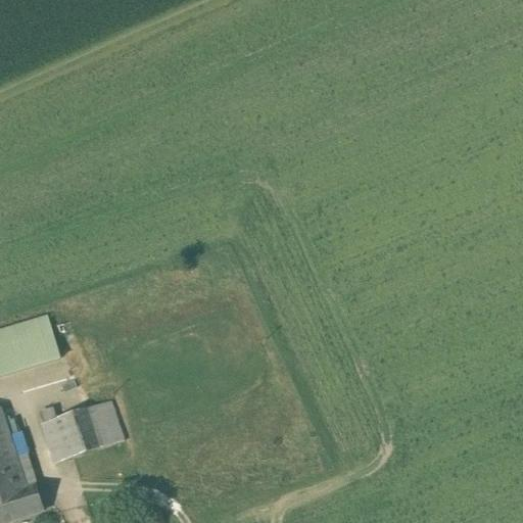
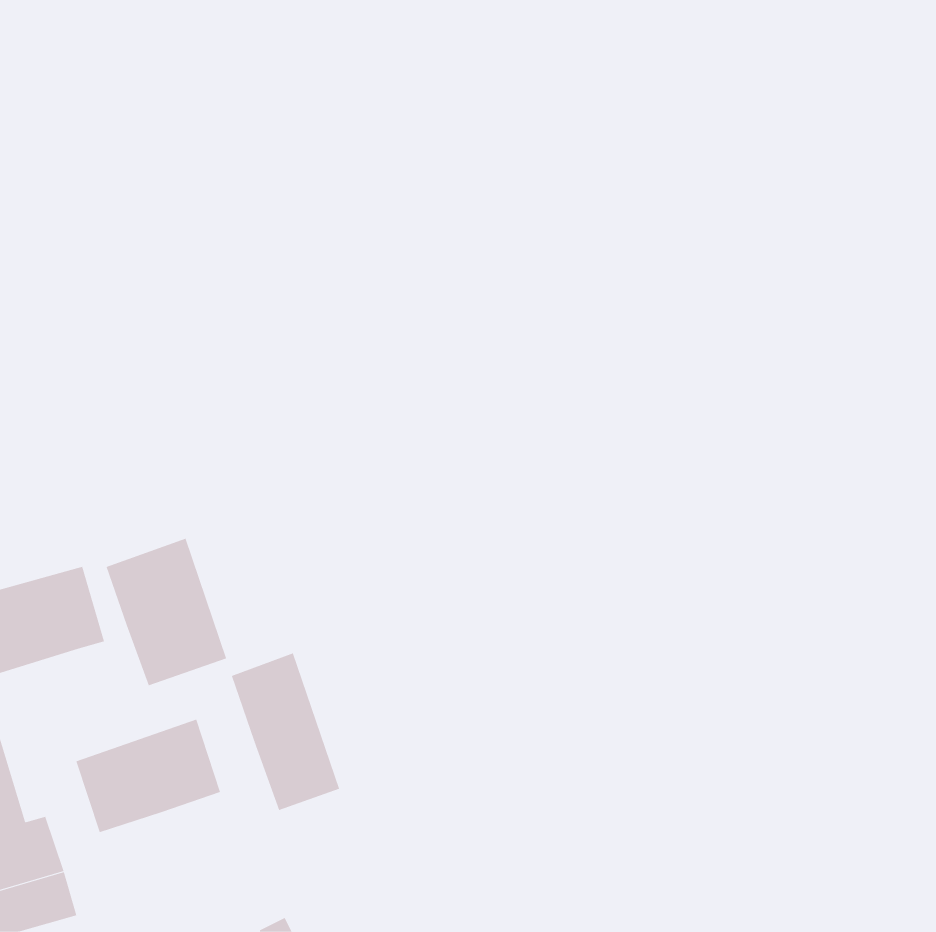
building: none -> [106,538,227,686]
building: none -> [231,653,340,811]

